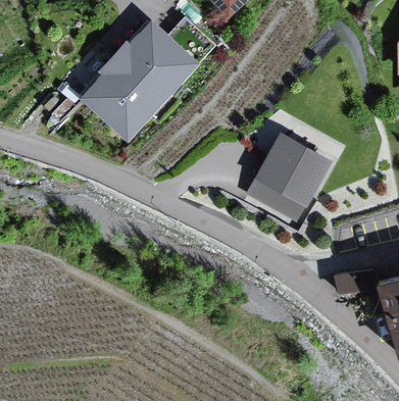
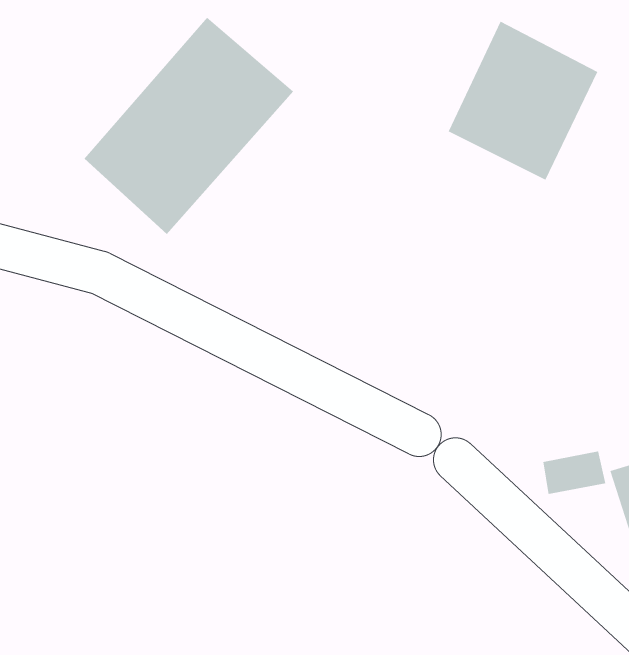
building: [244,134,329,223] -> [448,21,598,181]

